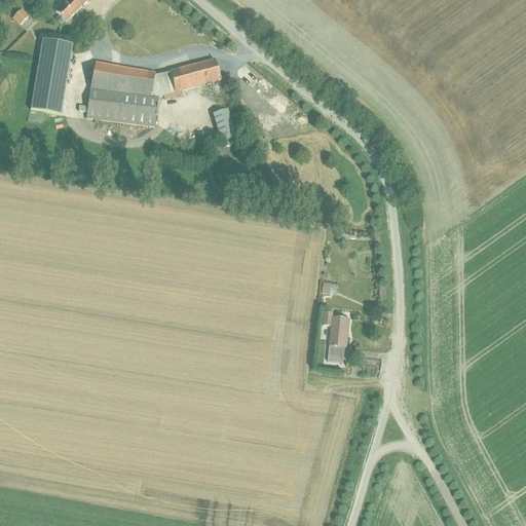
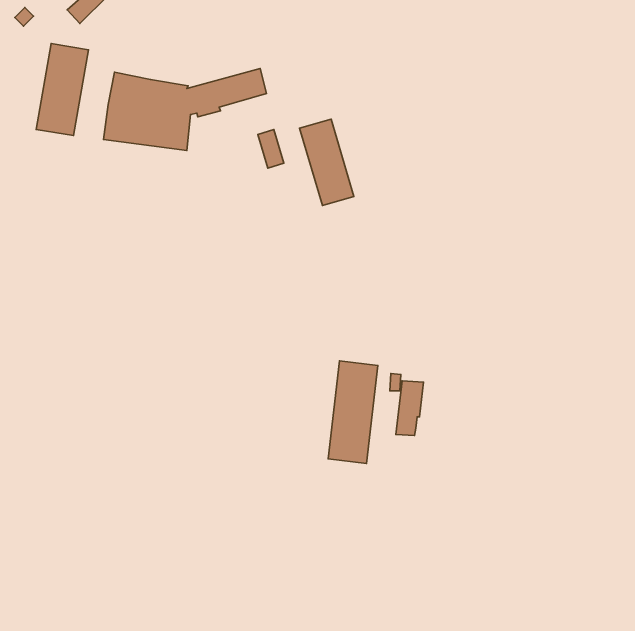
building: none -> [300,119,354,206]
building: none -> [328,361,378,464]

